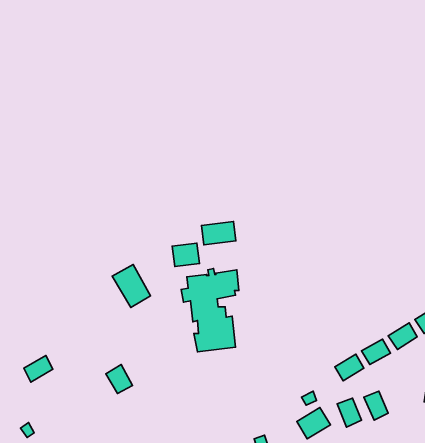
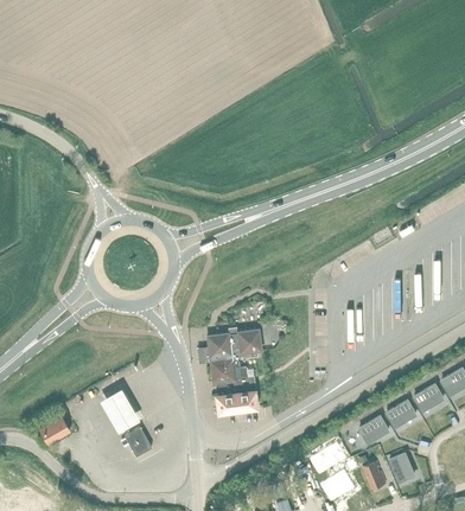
building: [201,221,236,245] -> none
building: [172,243,199,267] -> none
building: [112,265,150,307] -> [101,389,140,433]

